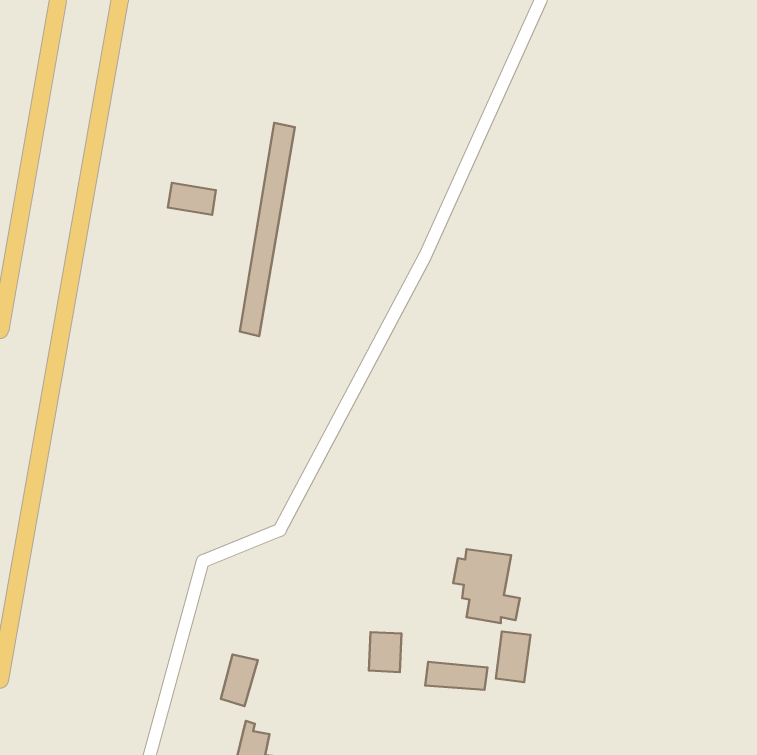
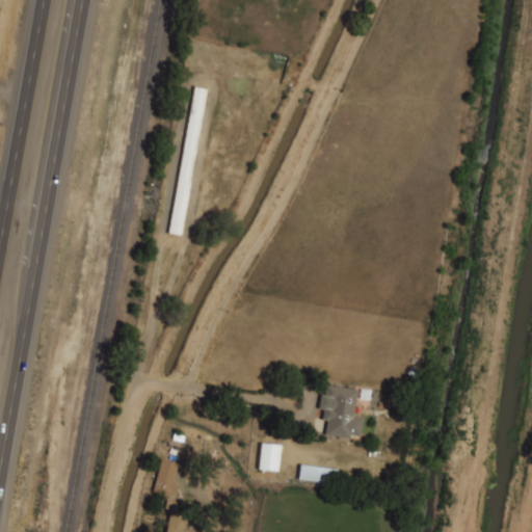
building: [168,183,216,215] -> none
building: [496,631,530,682] -> none

